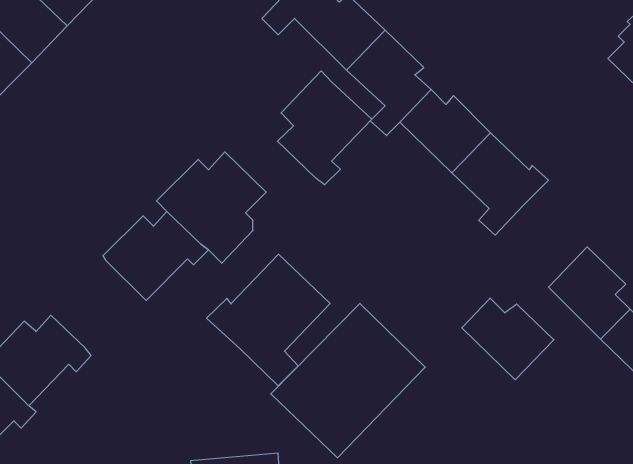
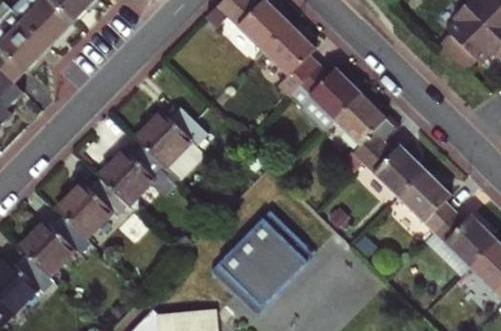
building: [277,71,372,185] -> none
building: [207,254,330,386] -> none
building: none -> [56,179,127,238]
building: [462,298,554,380] -> [362,142,424,197]

